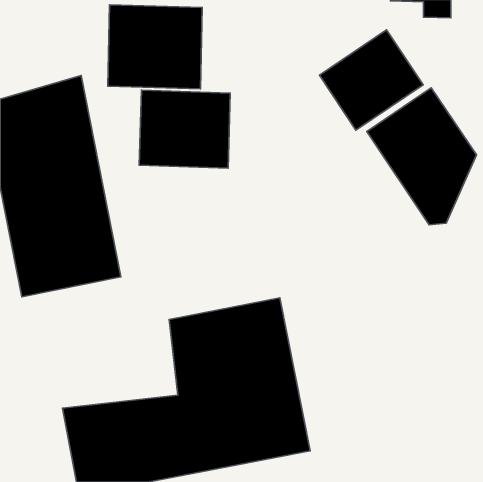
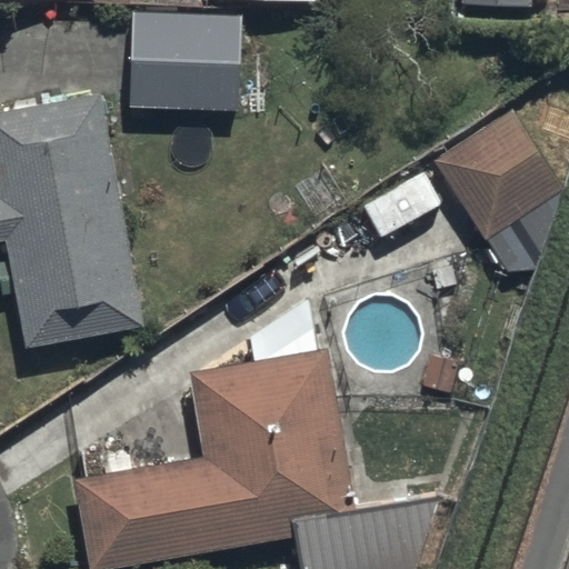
building: [319,30,423,130] -> none
building: [139,90,230,168] -> none

